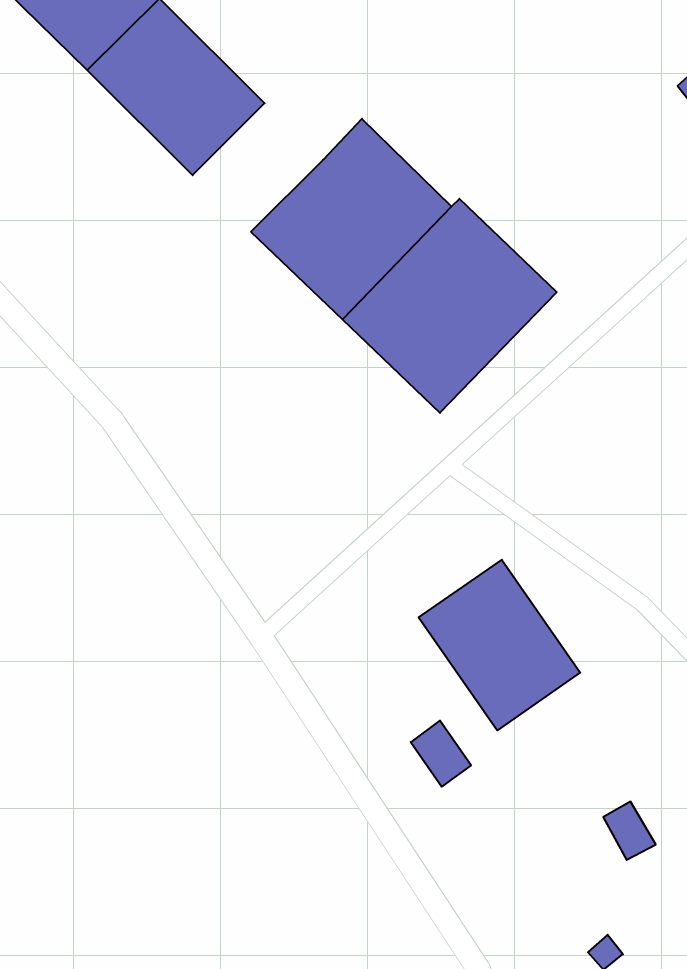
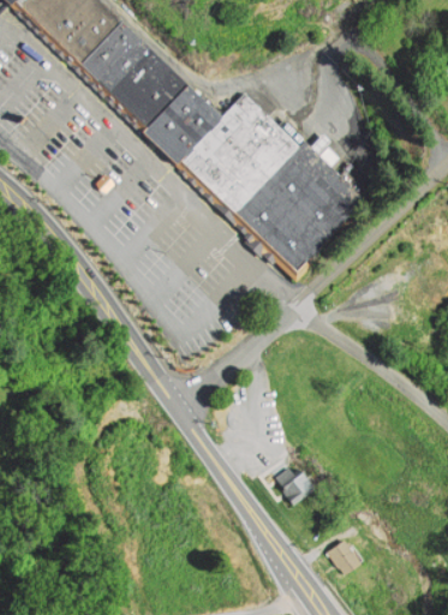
building: none -> [132,79,217,163]
building: [419,560,580,730] -> none
building: [603,802,656,860] -> [325,536,358,572]

